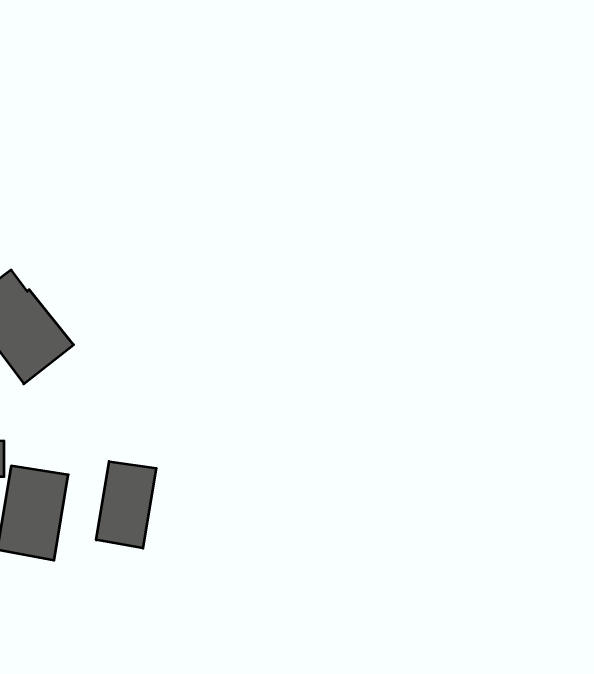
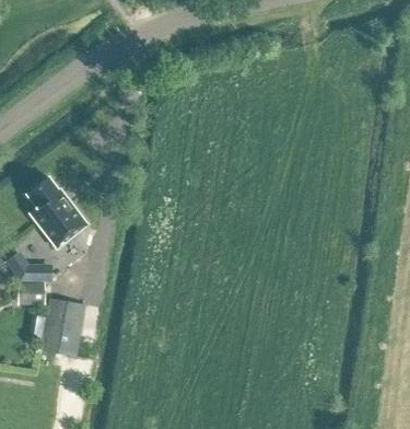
building: [96,461,156,548] -> none

